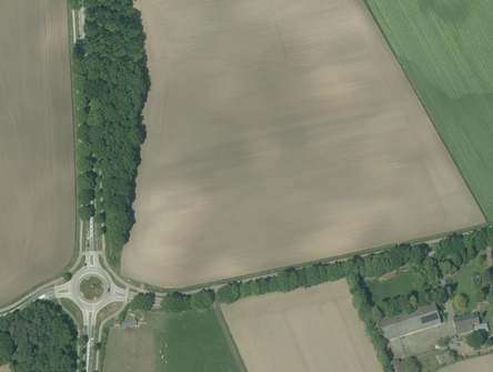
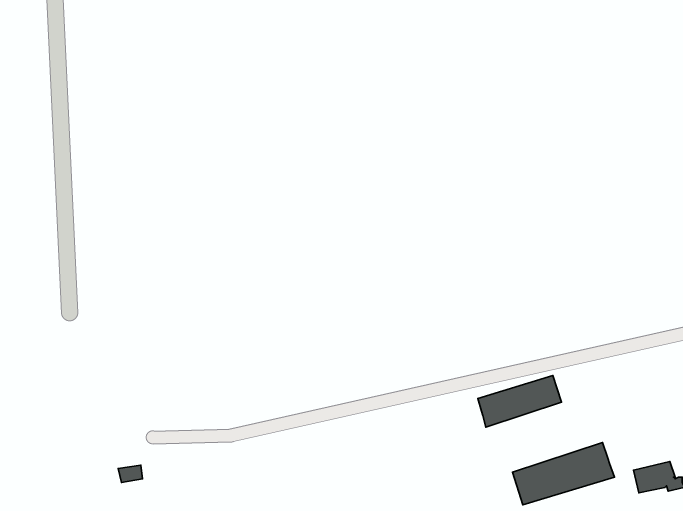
building: none -> [478,376,561,427]

